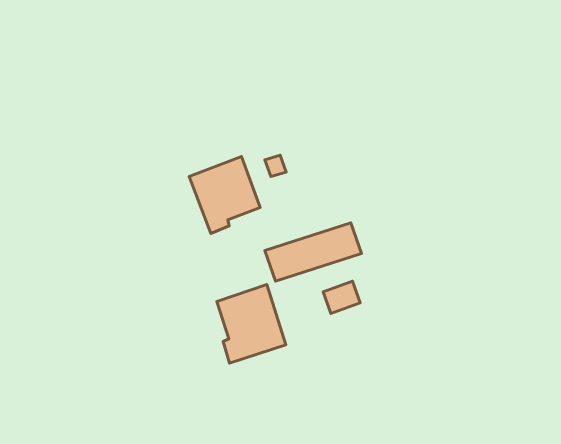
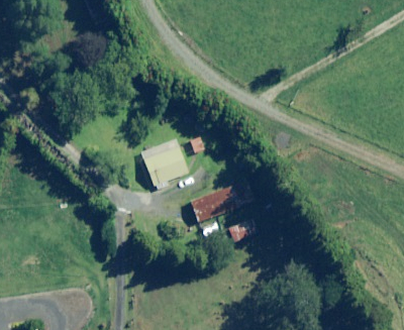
building: [217,285,286,363] -> none

